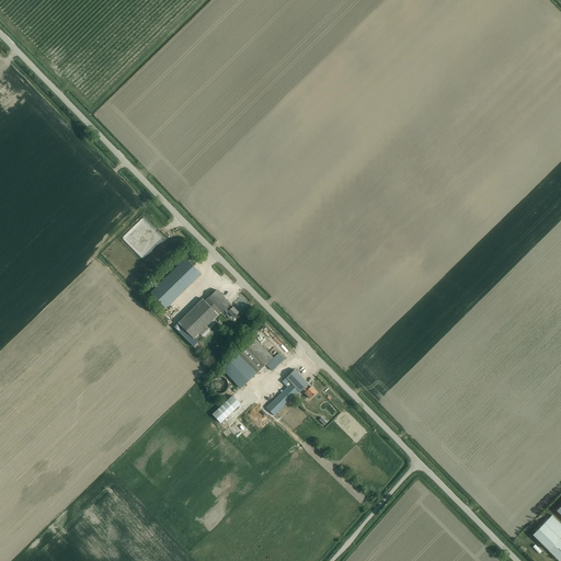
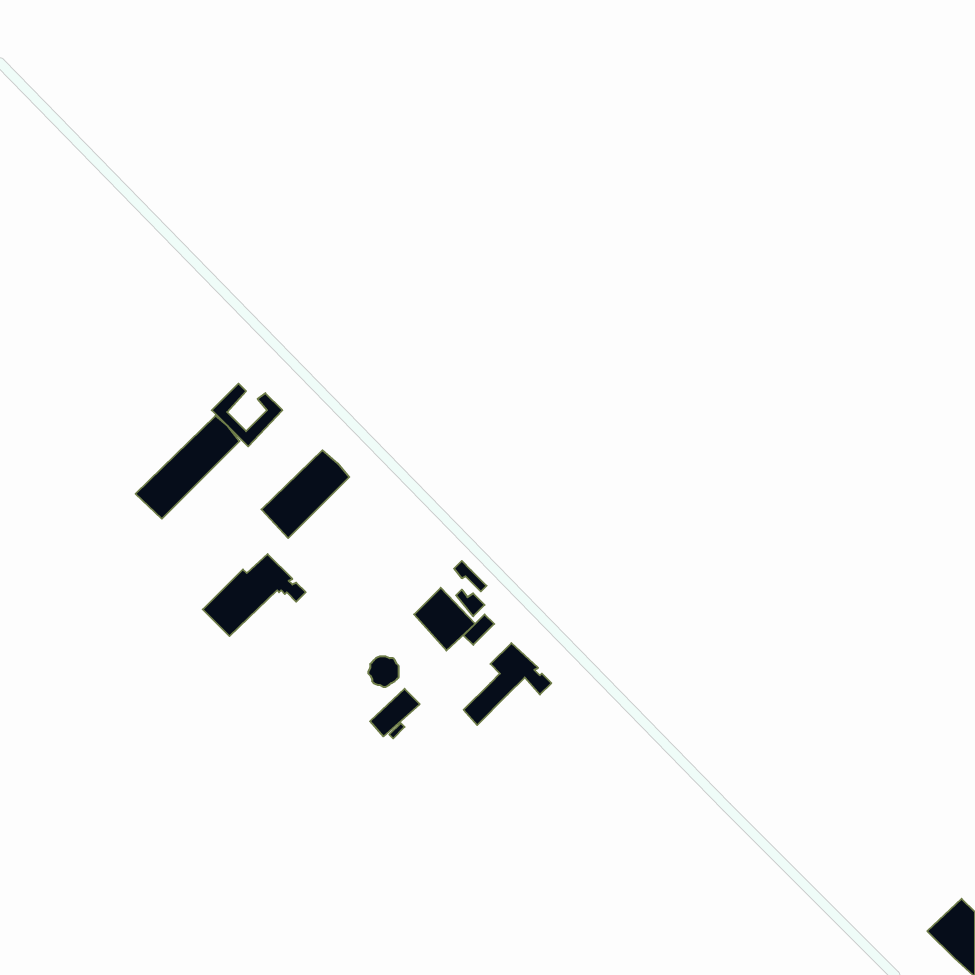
building: none -> [136,416,240,519]
building: [180,290,239,337] -> [203,554,306,636]
building: [221,353,256,388] -> none

